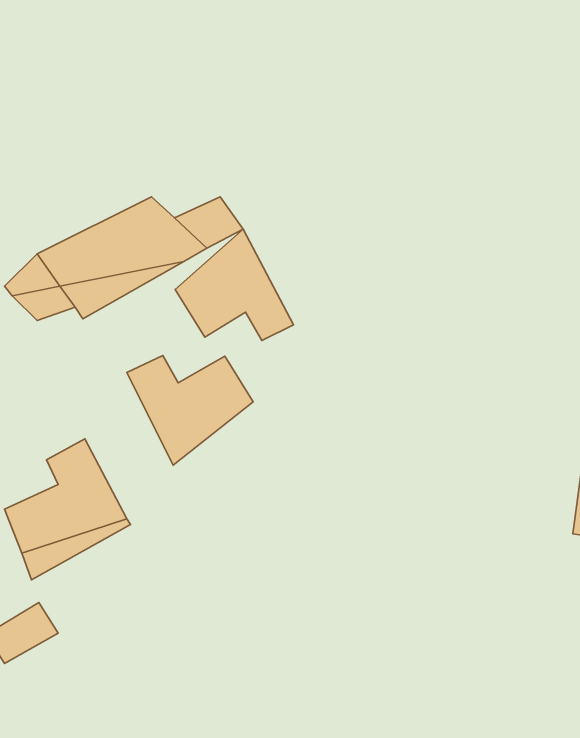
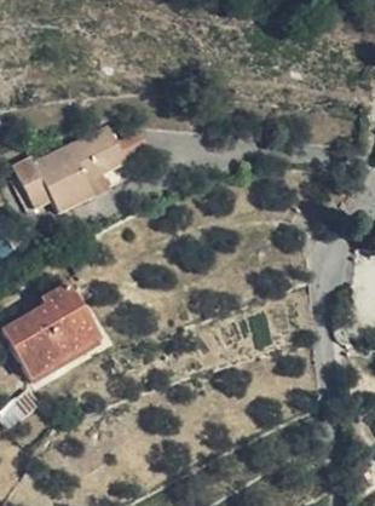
building: [175,229,293,340] -> none
building: [127,356,253,465] -> none

